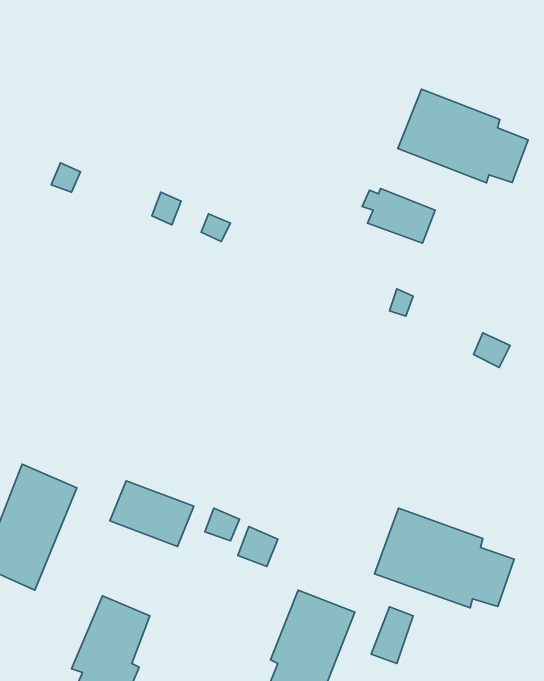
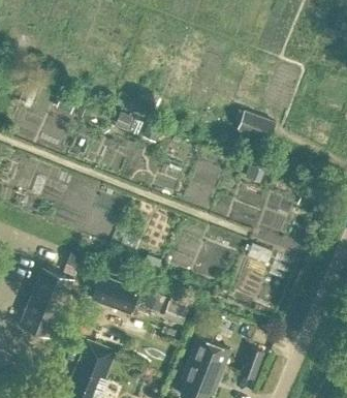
building: [398,89,528,183] -> none
building: [375,508,514,608] -> none

